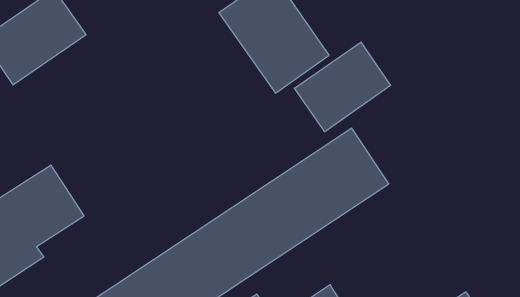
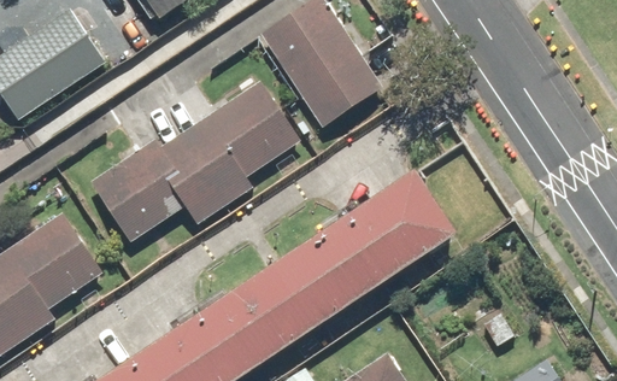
building: [294,42,391,132] -> none
building: none -> [89,71,298,240]

